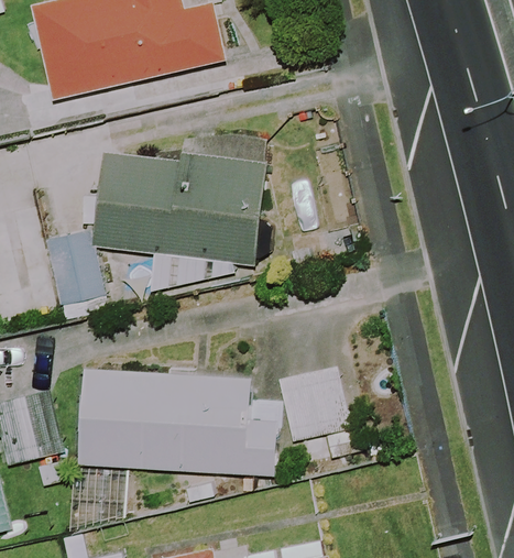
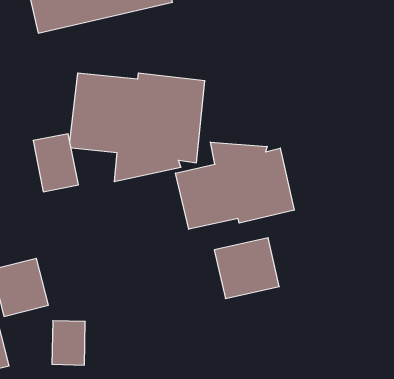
building: none -> [176,142,294,229]
building: [76,368,278,475] -> none

